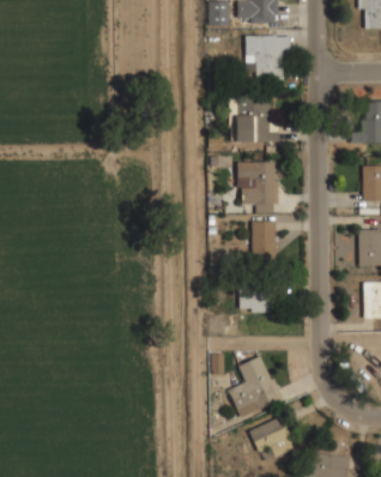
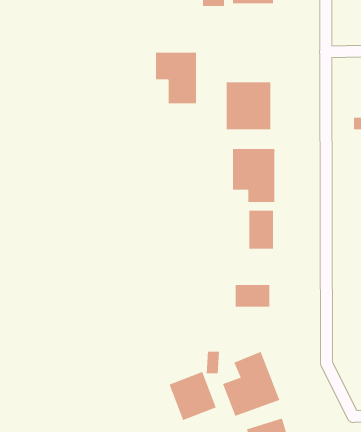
building: [246,35,285,84] -> [155,52,197,104]
building: none -> [169,371,216,421]

